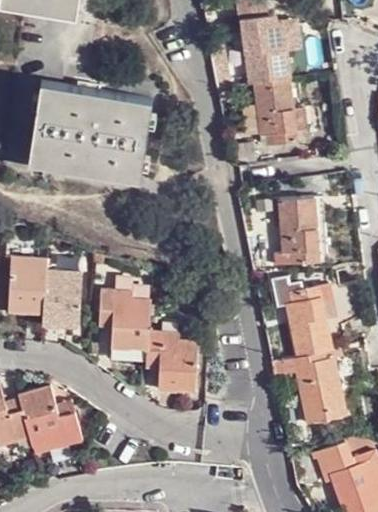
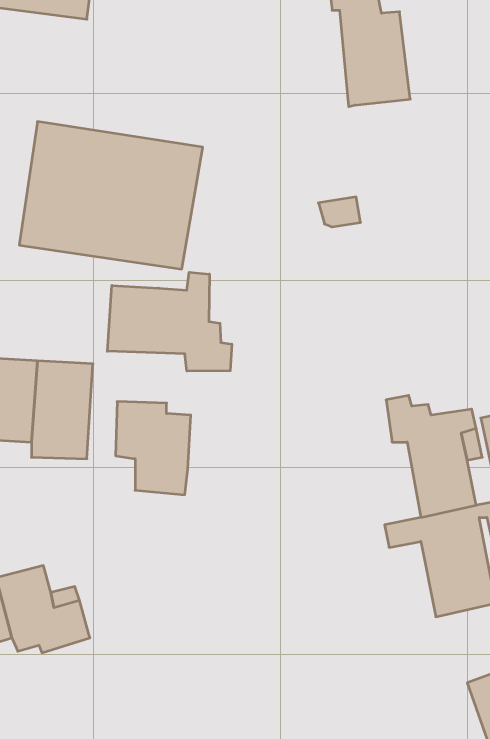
building: [244,78,298,145] -> none
building: none -> [107,272,232,371]
building: [274,197,324,263] -> none
building: [139,324,191,383] -> none

